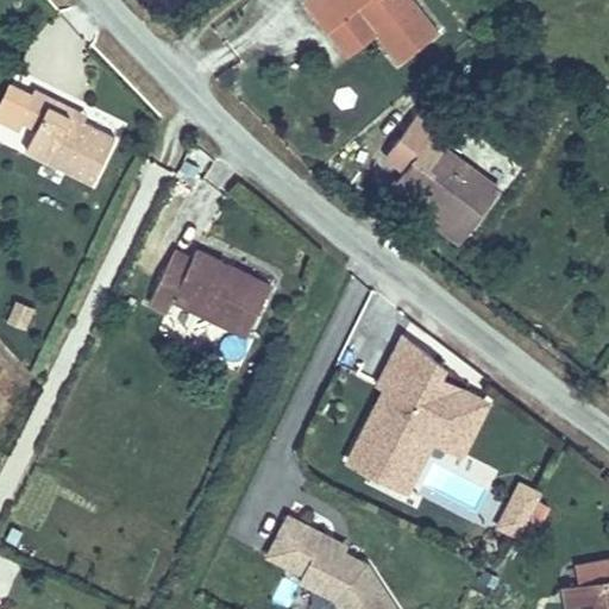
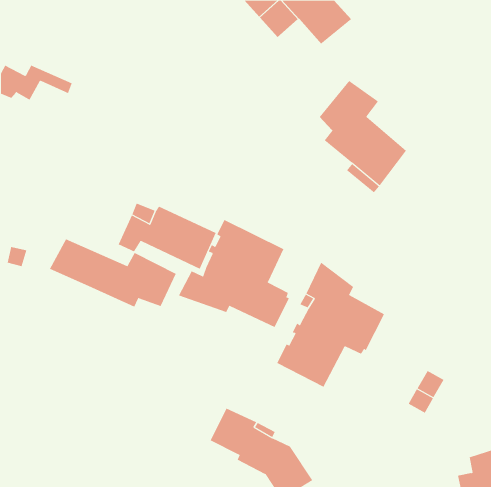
building: [30,108,118,184] -> none
building: none -> [178,219,290,328]
building: none -> [49,238,176,307]

